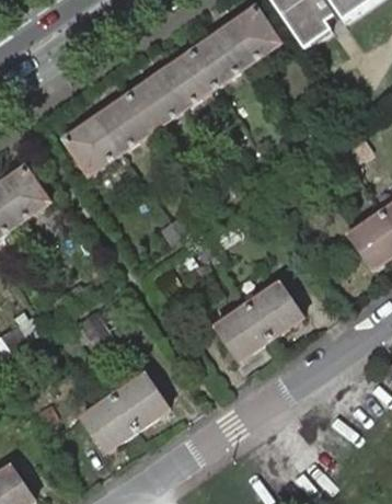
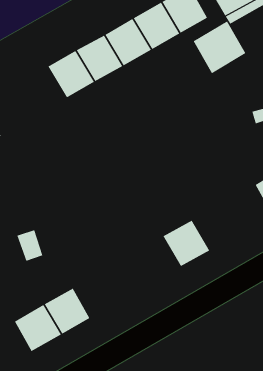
building: none -> [193,20,246,74]
building: [64,115,120,173] -> none
building: [215,302,270,358] -> none

